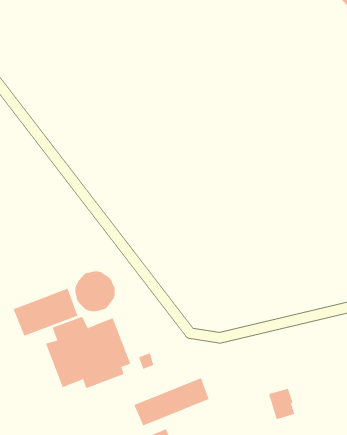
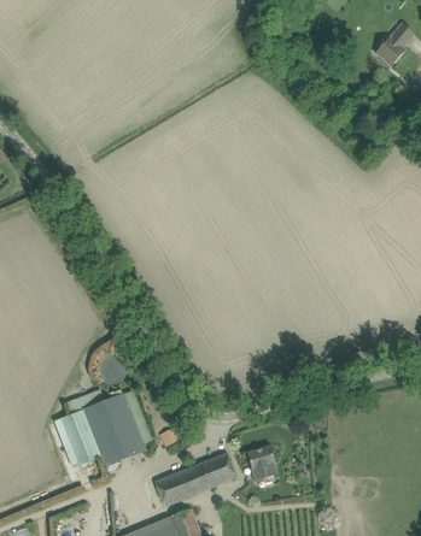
building: [13,288,78,336] -> none
building: [268,388,295,420] -> [246,447,275,481]

